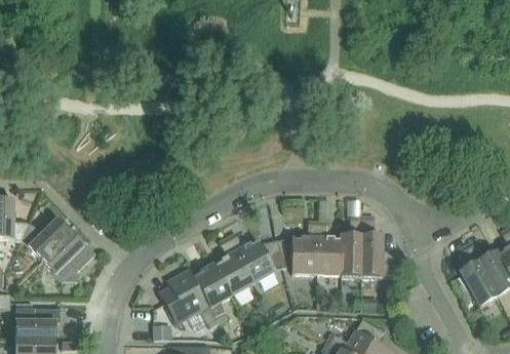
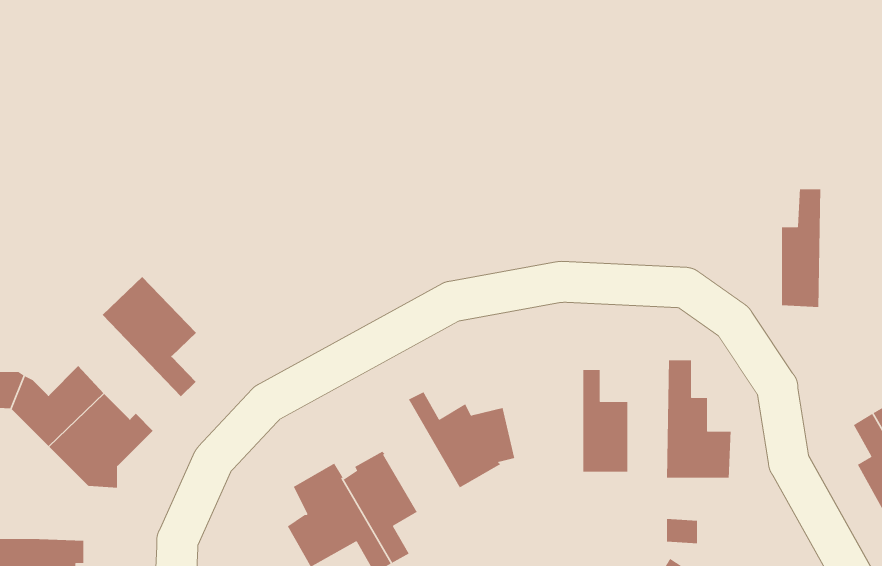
building: none -> [102,276,197,397]
building: [341,217,361,278] -> [781,189,821,308]
building: [276,222,317,275] -> none
building: [213,237,253,296] -> none

